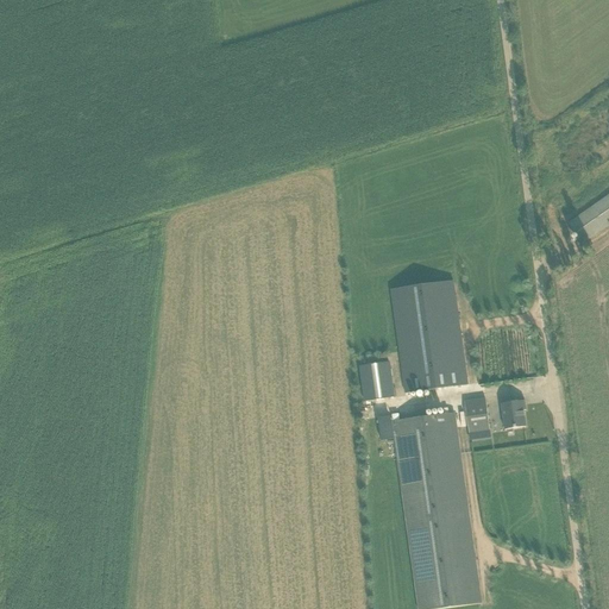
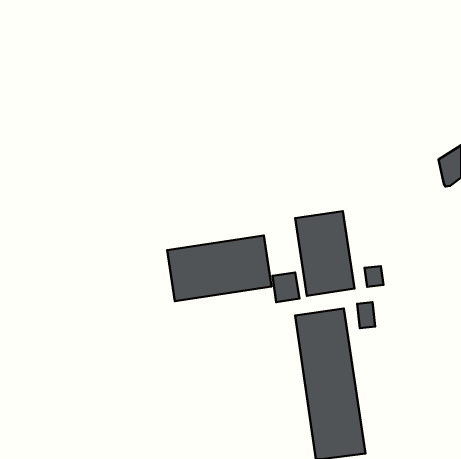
building: none -> [167,236,271,301]
building: [501,400,526,427] -> [364,266,383,287]

